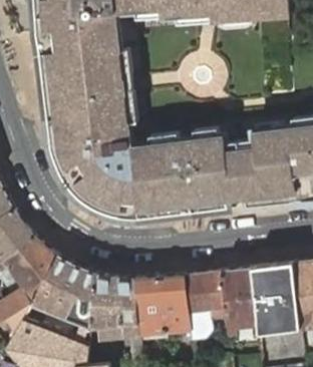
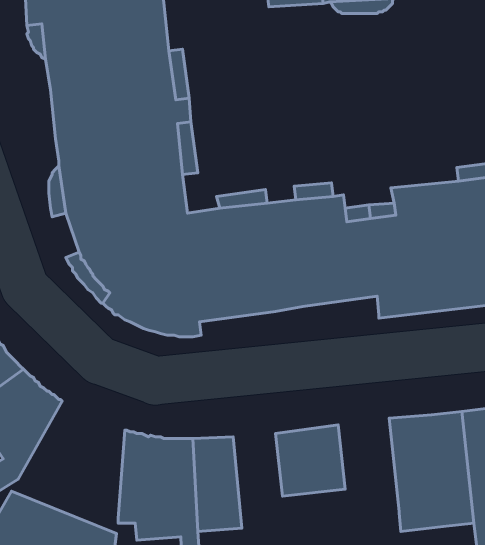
building: [30,257,93,326] -> none
building: [220,267,256,333] -> none
building: [158,276,189,332] -> none

